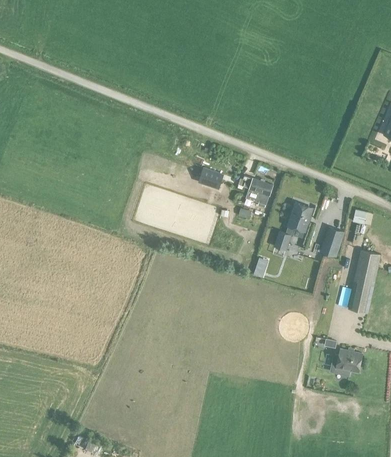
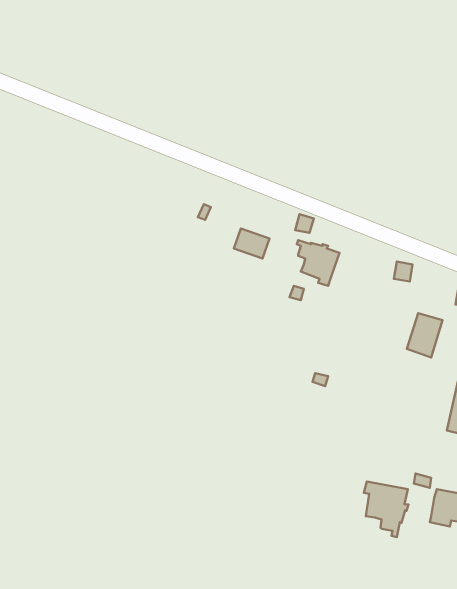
building: [274,203,312,250] -> none
building: none -> [364,481,408,537]

